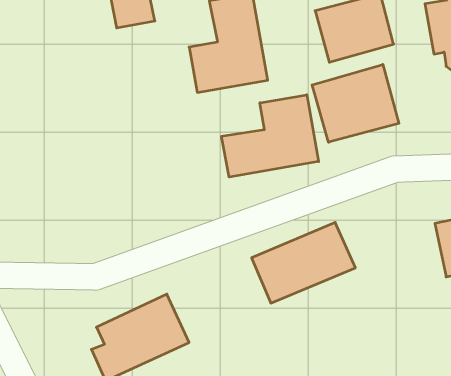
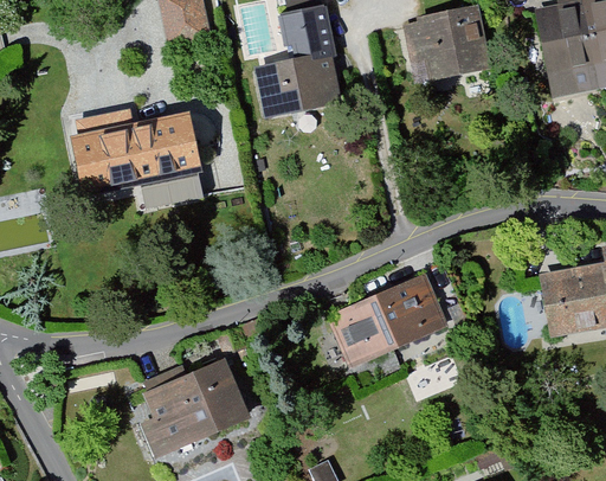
building: [312,64,399,142] -> none
building: none -> [77,111,207,198]
building: [222,95,319,177] -> none

